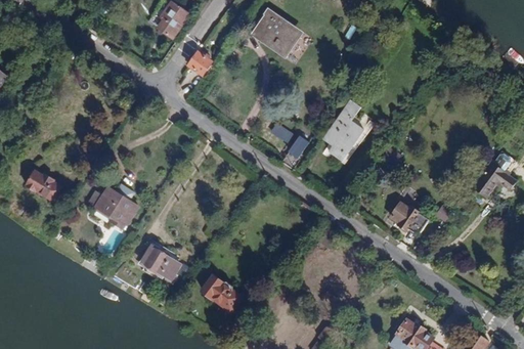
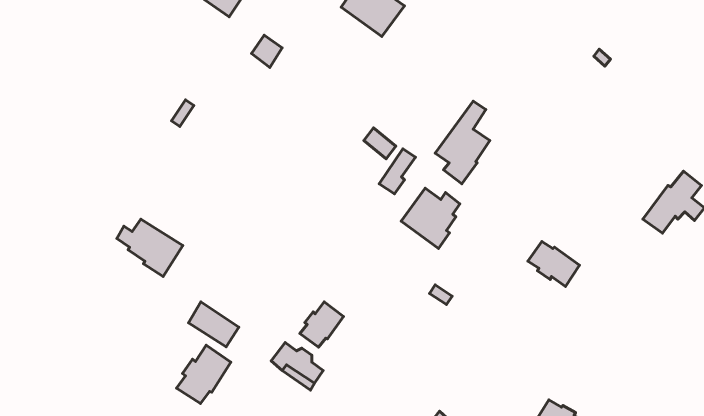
building: none -> [401,188,460,248]
building: [26,171,59,201] -> none
building: none -> [300,302,343,347]
building: none -> [176,345,231,404]

